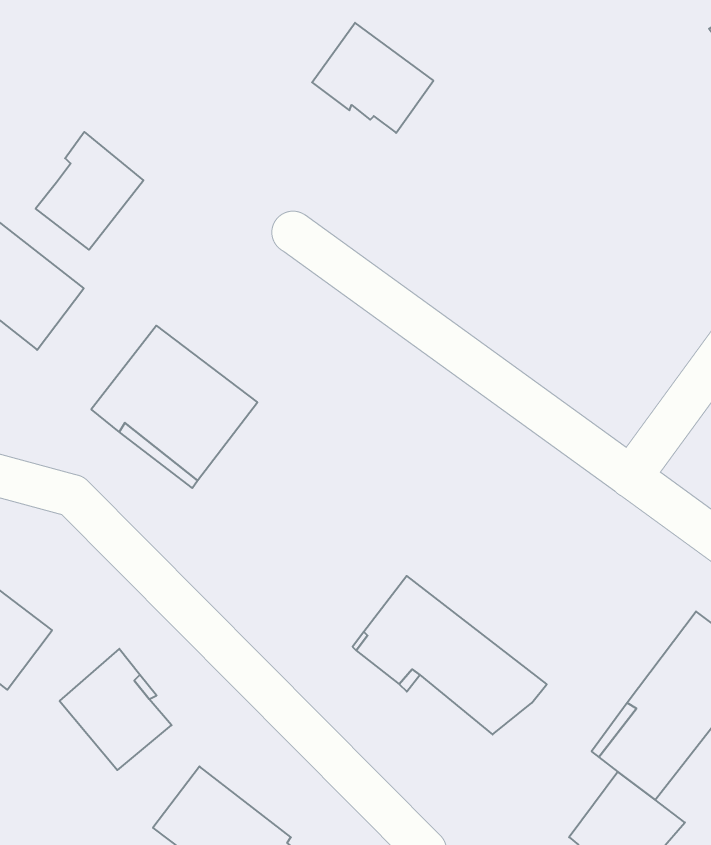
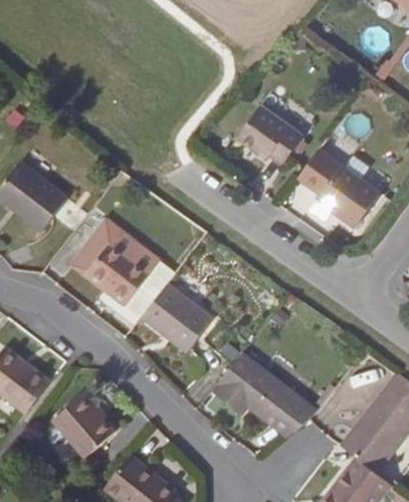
building: [312,23,433,133] -> [237,105,302,165]
building: [36,132,143,250] -> none
building: none -> [297,149,380,229]
building: none -> [142,283,213,352]

